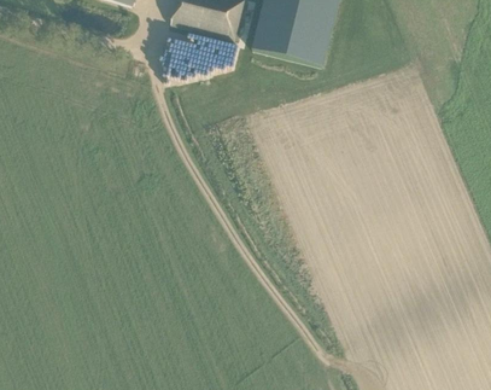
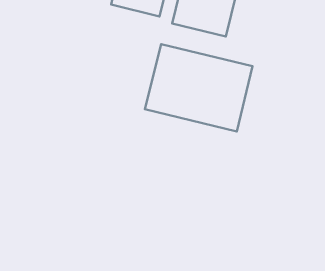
building: none -> [145,44,252,132]

